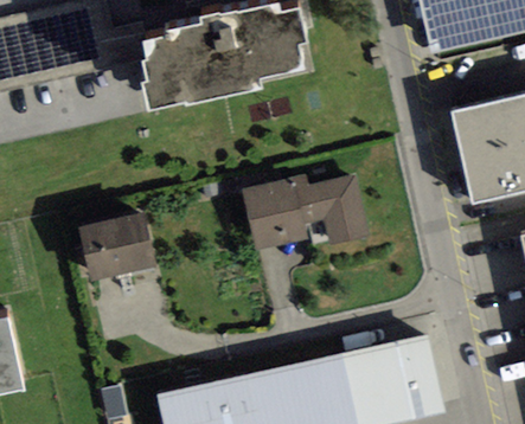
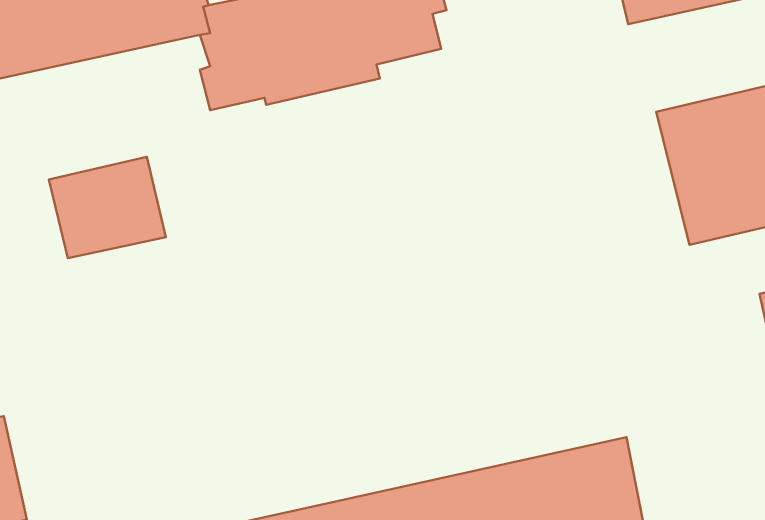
building: [243,174,370,250] -> none
building: [78,212,158,281] -> [49,157,166,258]

